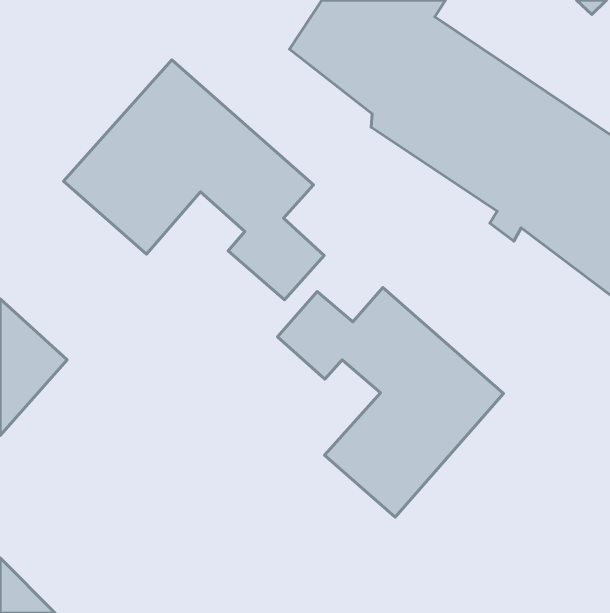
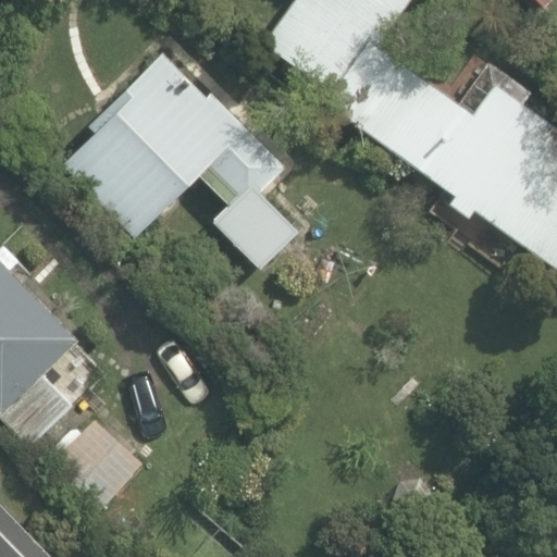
building: [277,287,503,517] -> none

